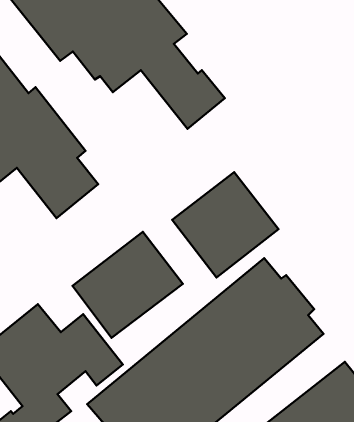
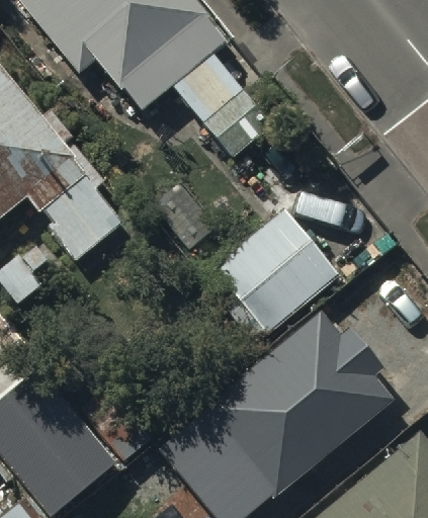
building: [72,232,183,338] -> none

